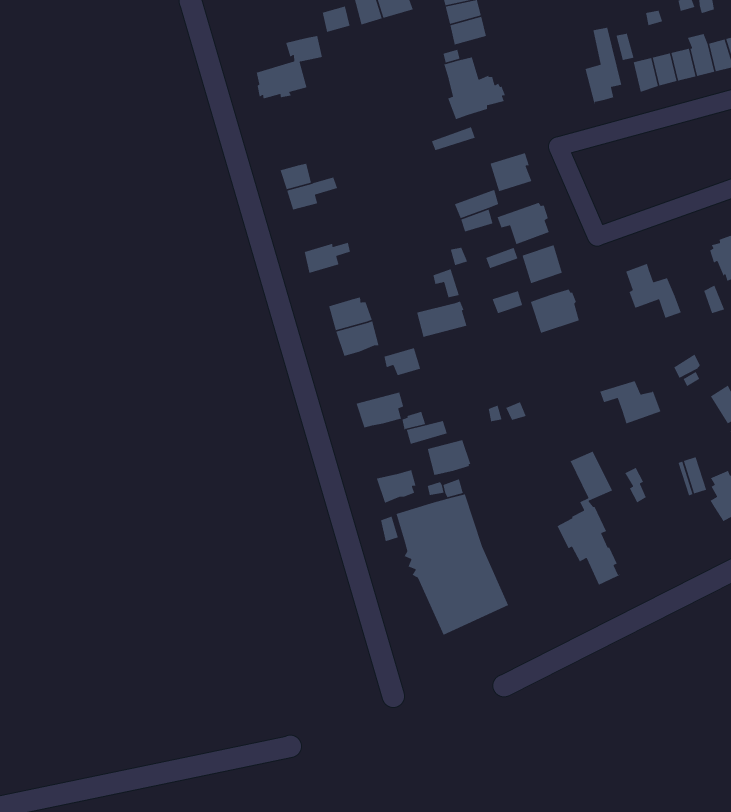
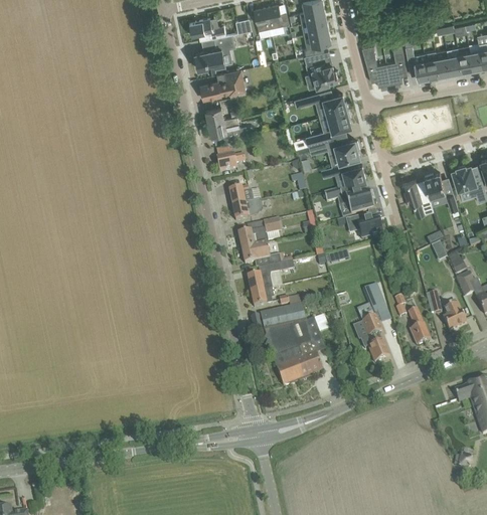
building: none -> [189,17,226,39]
building: none -> [362,44,390,85]
building: none -> [201,68,246,98]
building: none -> [323,93,349,114]
building: none -> [424,171,447,197]
building: [416,301,467,338] -> [238,227,268,247]
building: [599,380,661,424] -> [348,213,383,238]
building: [427,439,471,476] -> [248,272,273,292]
building: none -> [409,308,431,345]

